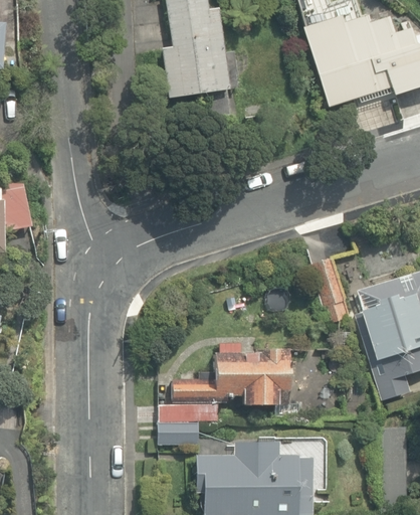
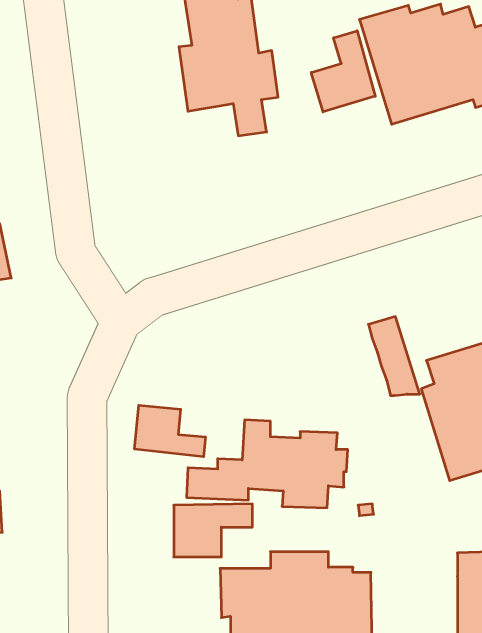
building: none -> [311,31,375,112]
building: none -> [135,405,205,457]

